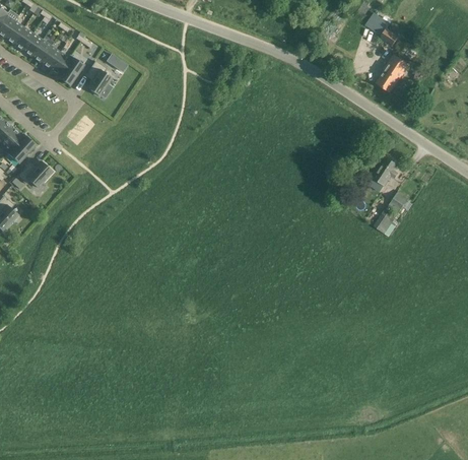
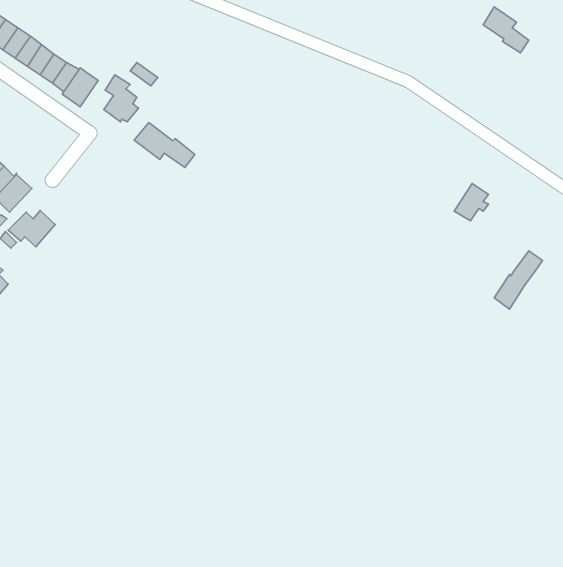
building: [376,54,409,92] -> none
building: none -> [134,122,195,168]
building: [373,157,398,185] -> [454,183,489,221]

